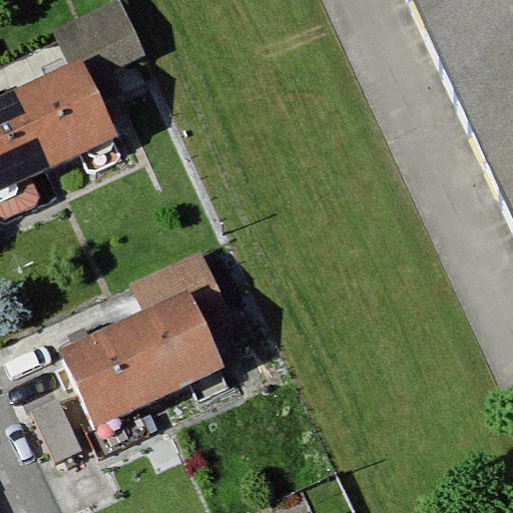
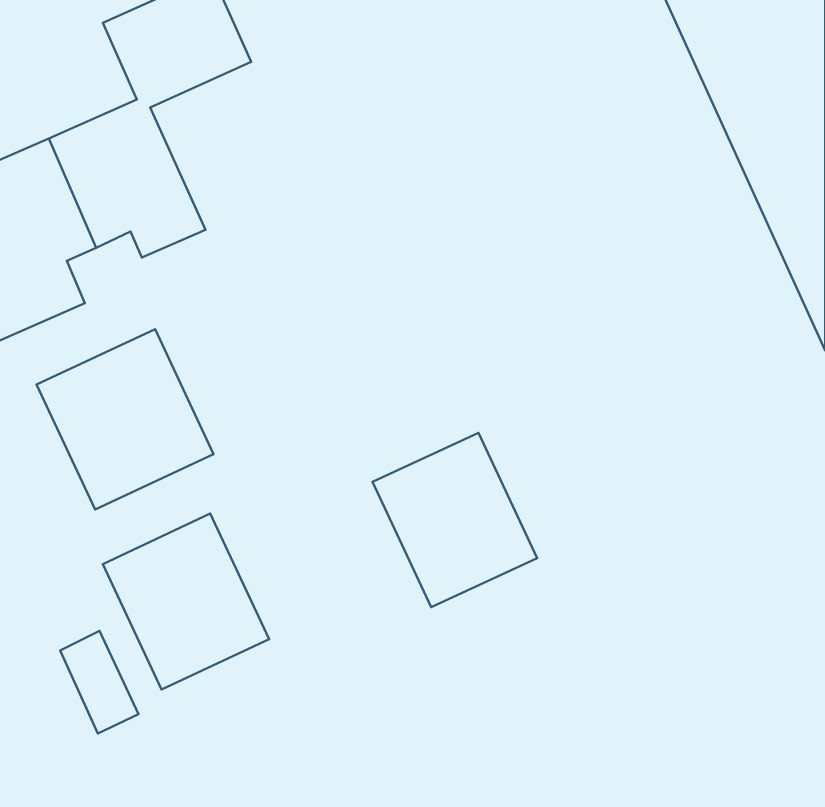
building: none -> [37,329,214,509]
building: [129,286,230,393] -> [372,433,537,607]

